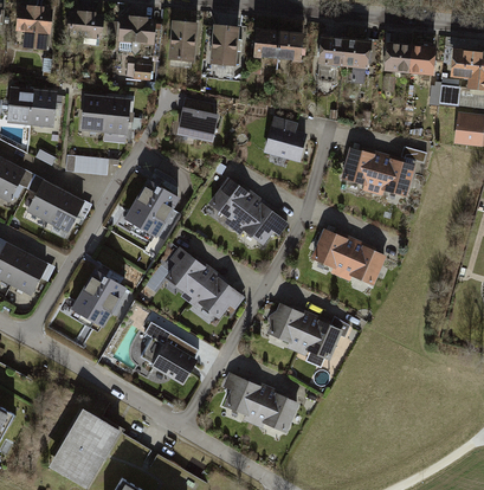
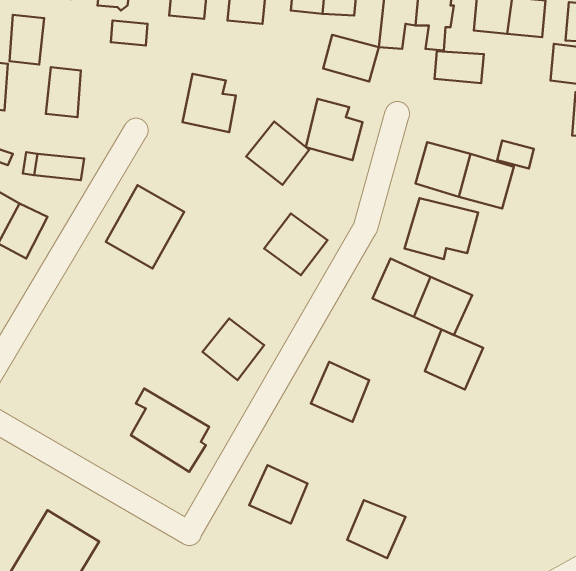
building: none -> [323,35,379,82]
building: none -> [434,51,484,83]
building: [103,97,128,133] -> [9,15,44,65]
building: [209,179,254,224] -> [246,122,309,185]
building: none -> [405,198,478,259]
building: [166,253,211,297] -> none
building: [69,269,125,328] -> none
building: [298,317,340,360] -> [425,330,483,390]
building: [254,391,296,432] -> [347,500,405,558]

